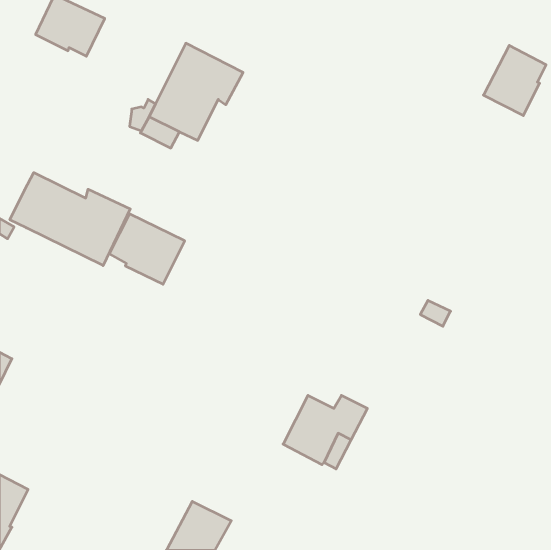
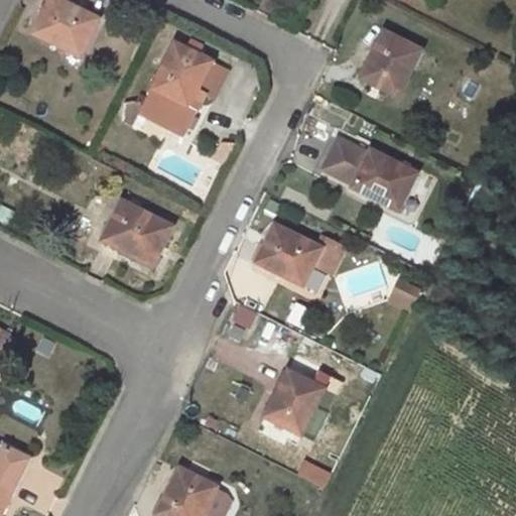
building: [483,45,546,116] -> [360,30,418,96]
building: none -> [320,136,416,207]
building: [10,173,130,266] -> none
building: none -> [256,224,343,281]

